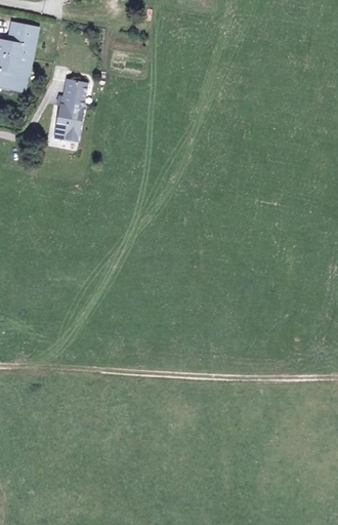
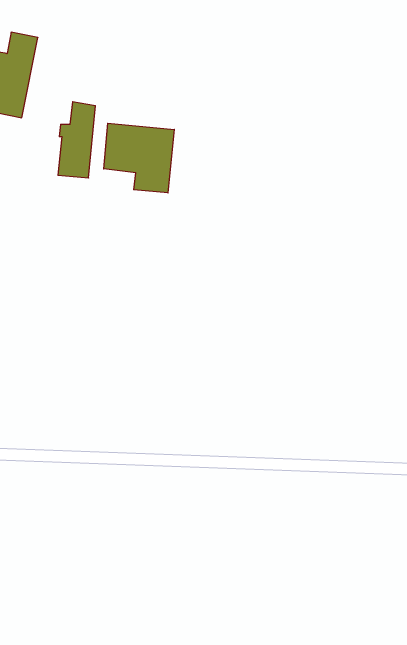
building: none -> [104,123,174,193]

